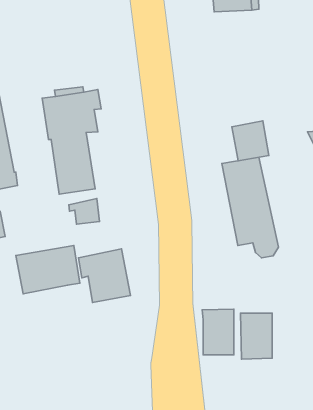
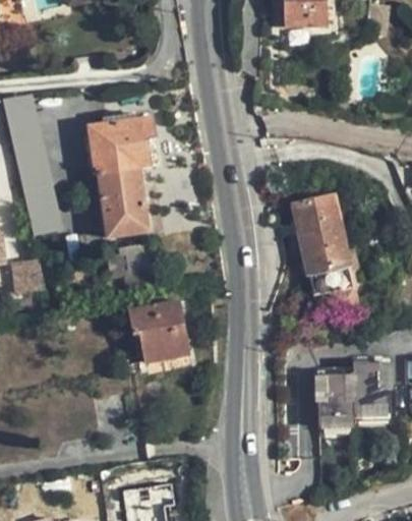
building: [232,121,269,161] -> none
building: [16,246,80,294] -> none
building: [202,309,234,355] -> [351,362,388,415]

